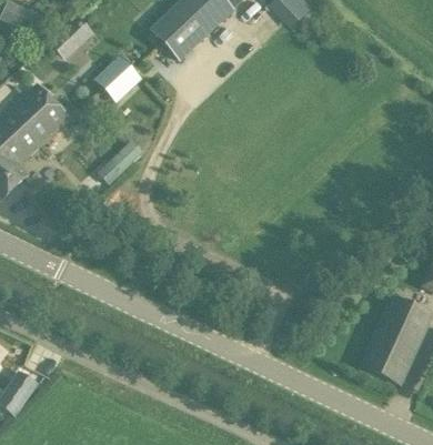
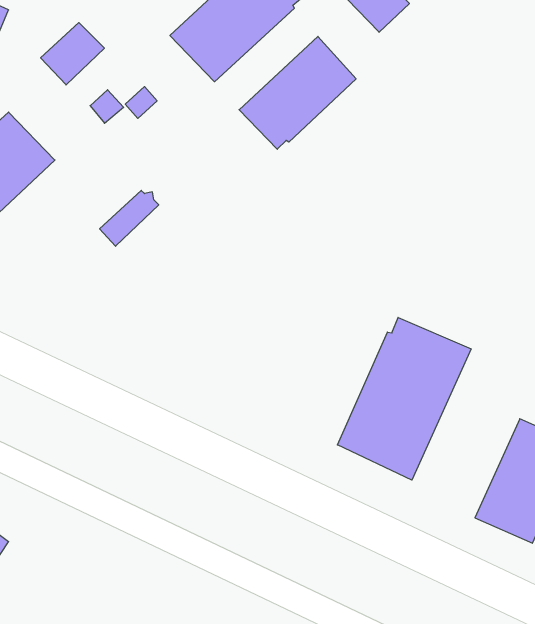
building: none -> [239,36,356,149]
building: none -> [337,317,471,480]

